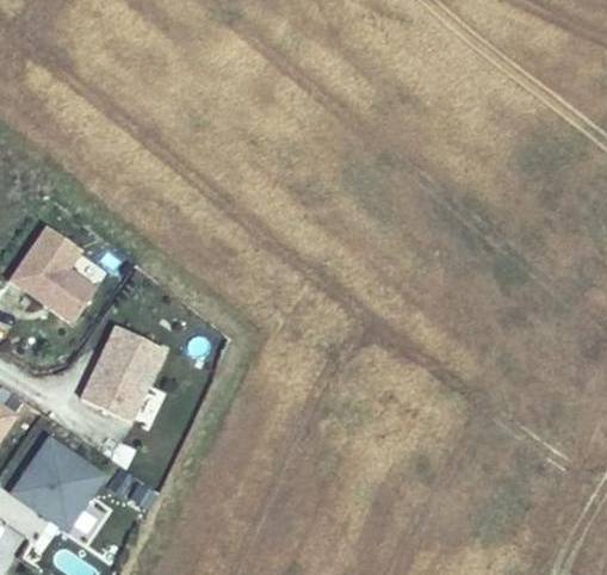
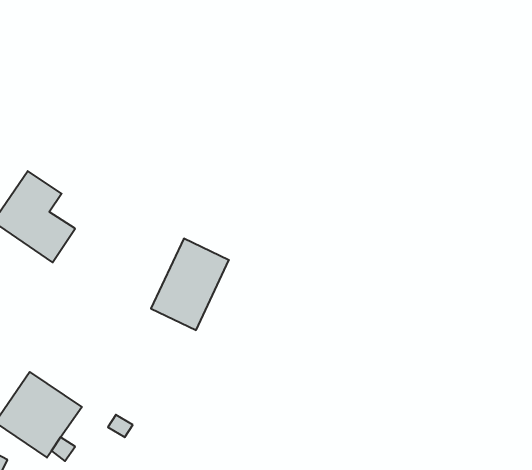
building: [81,324,163,421] -> [151,239,229,330]

